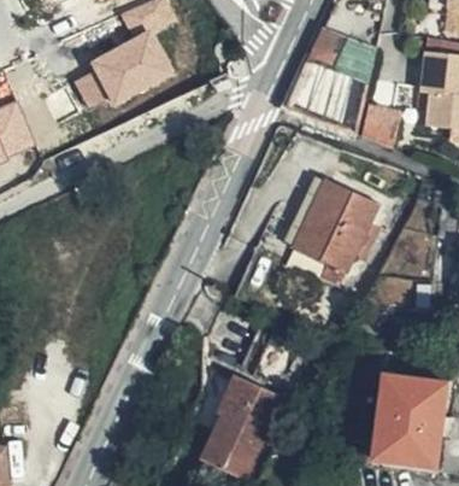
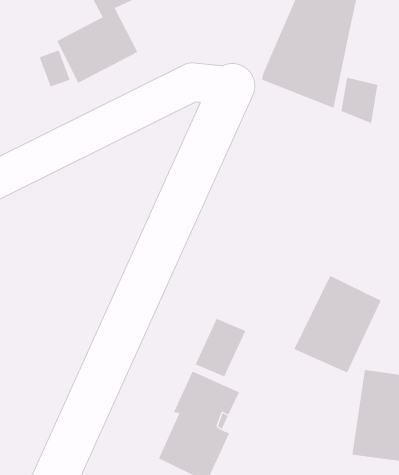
building: [289,187,373,281] -> [293,275,381,373]

